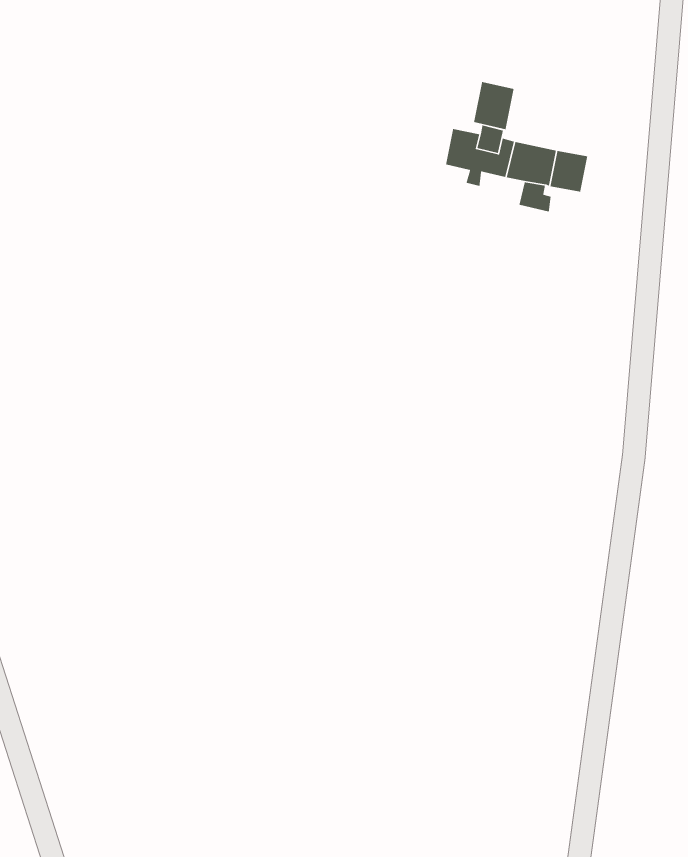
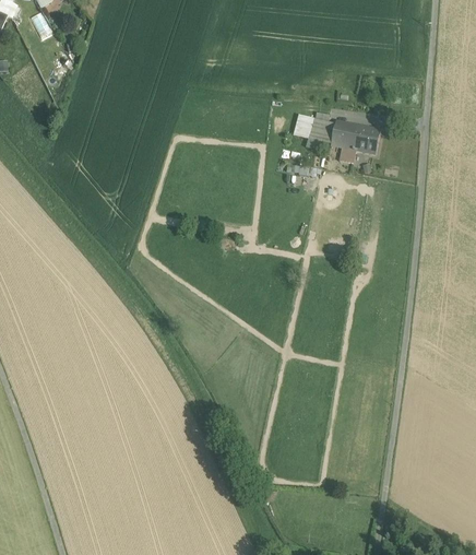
building: [473,81,514,130] -> none

